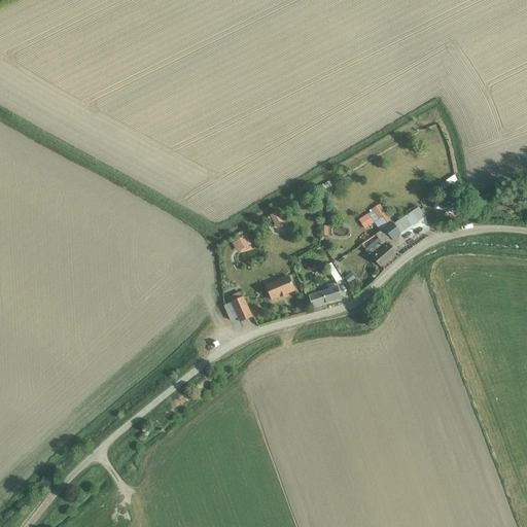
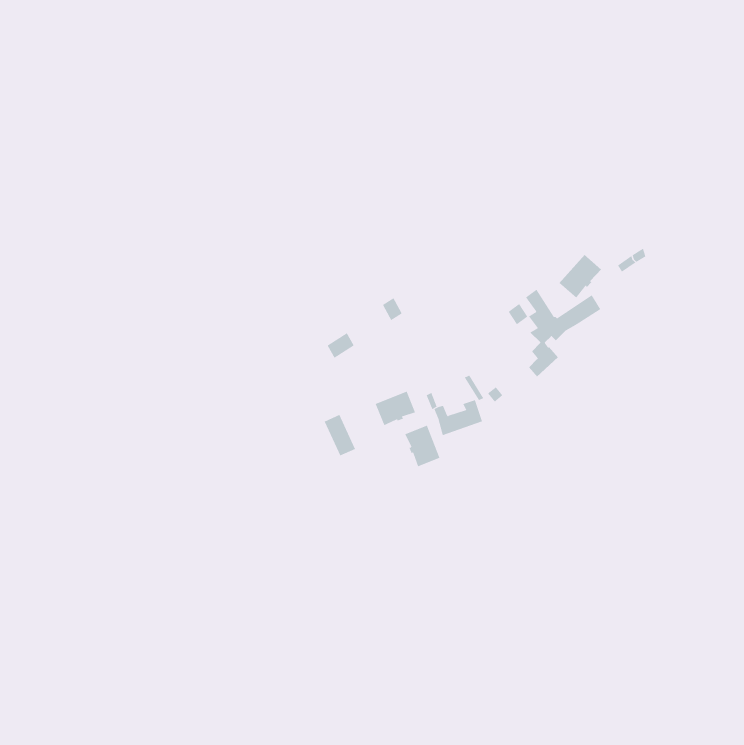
building: none -> [559,254,602,298]
building: none -> [405,425,440,467]

